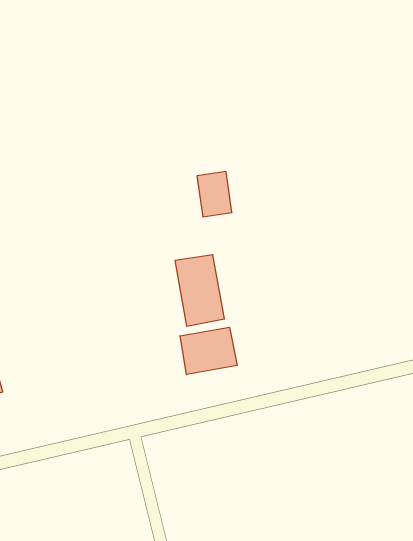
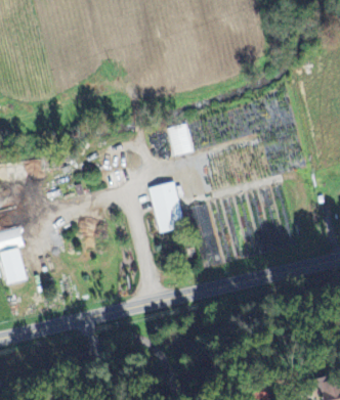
building: [180,327,237,375] -> none

